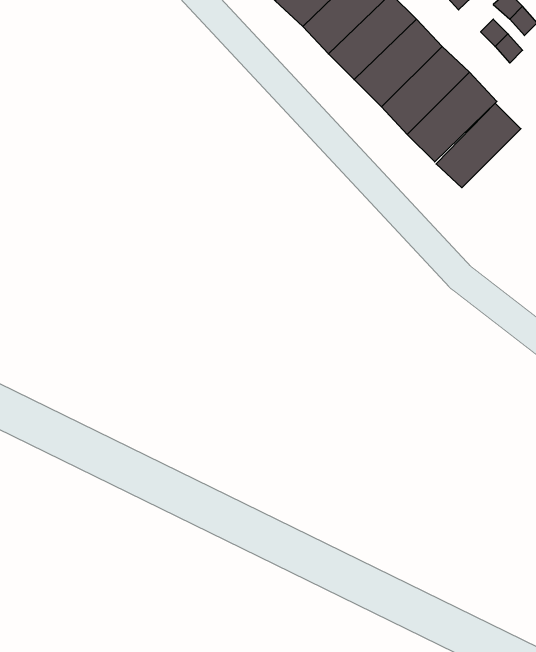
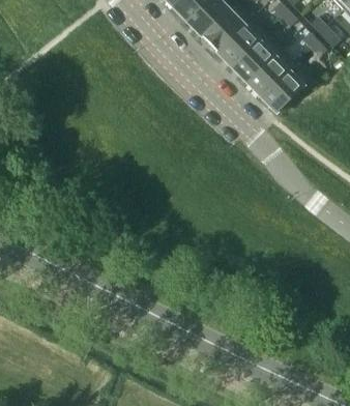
building: [436,103,521,188] -> none

